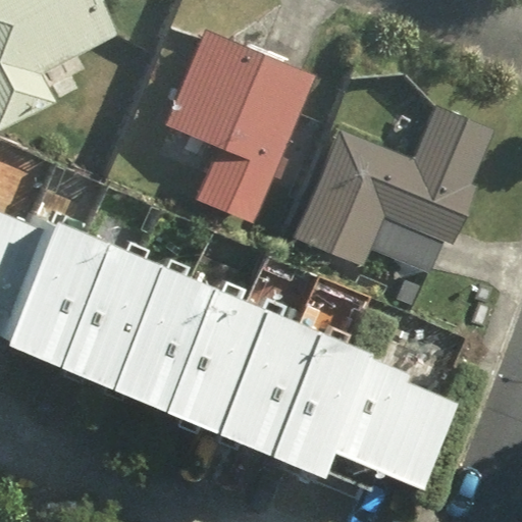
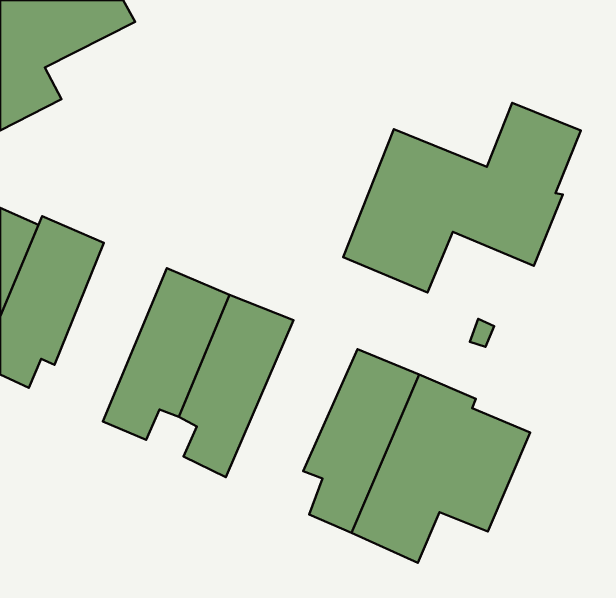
building: [164,29,312,216] -> none
building: [47,221,142,372] -> none
building: [192,286,303,436] -> none

